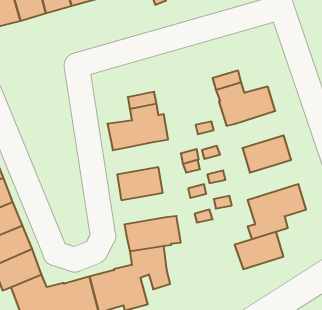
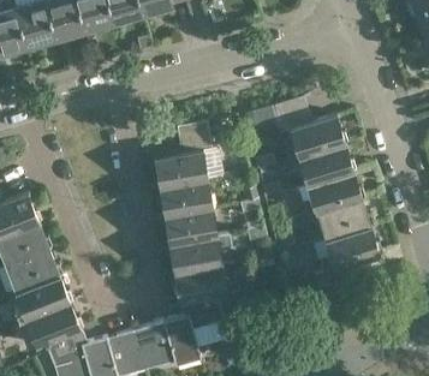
building: none -> [299,143,354,185]
building: none -> [161,178,213,215]
building: none -> [171,234,231,271]
building: [235,232,283,269] -> [316,198,371,240]

